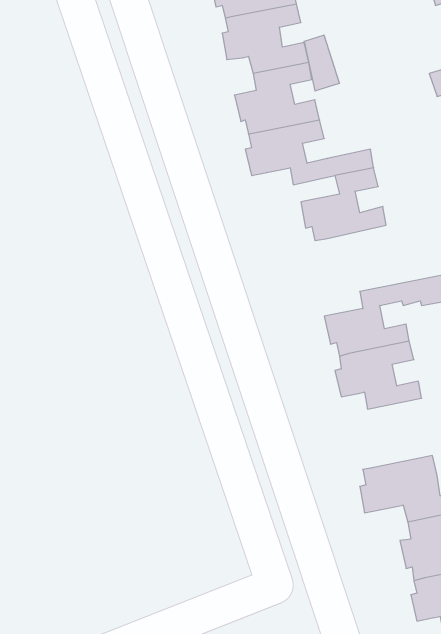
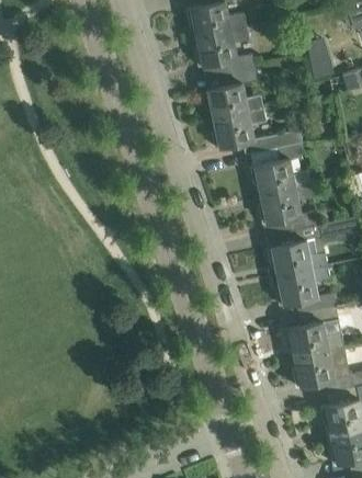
building: [304,35,340,91] -> [307,39,332,79]
building: none -> [258,183,319,230]
building: none -> [284,306,343,356]

